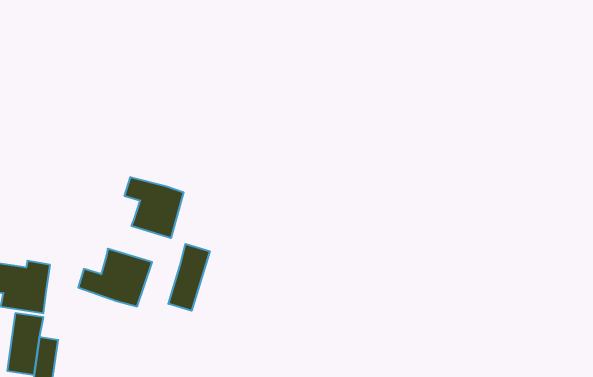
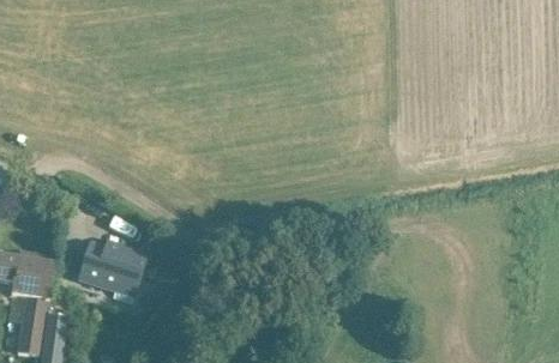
building: [125,177,184,238] -> none
building: [168,244,210,311] -> none

